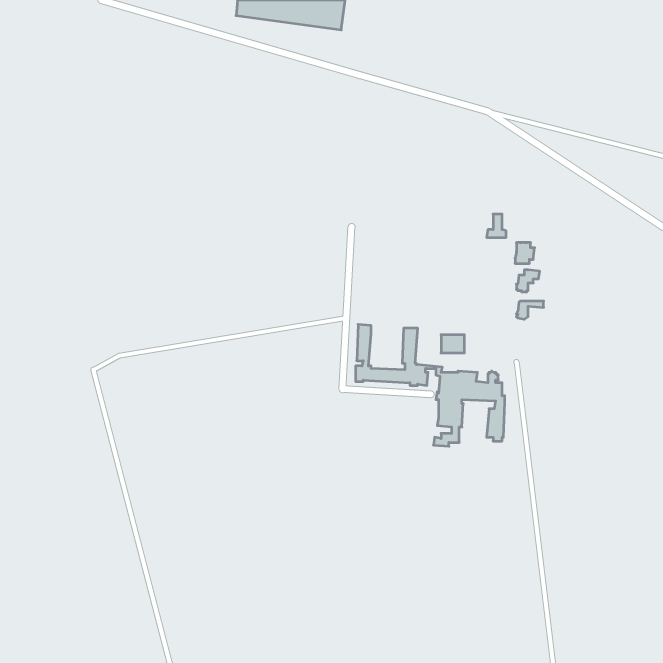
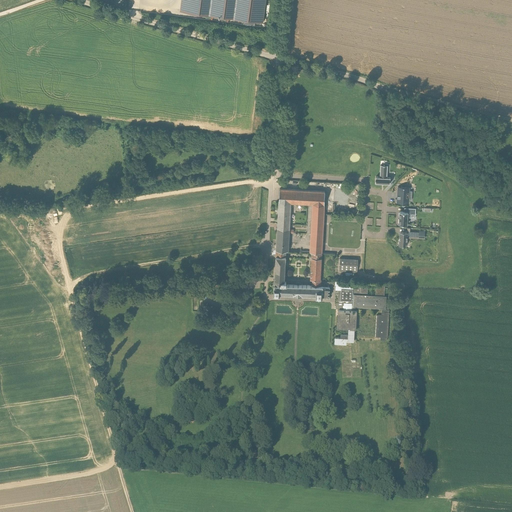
building: none -> [276,189,325,253]

